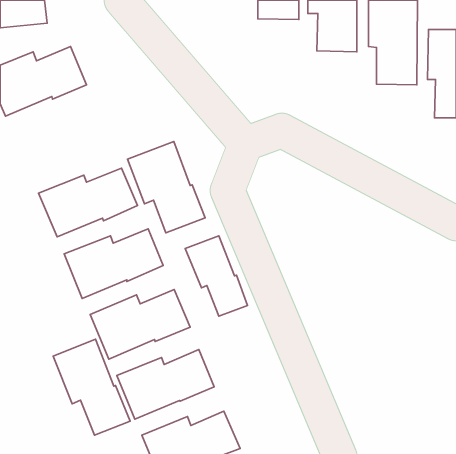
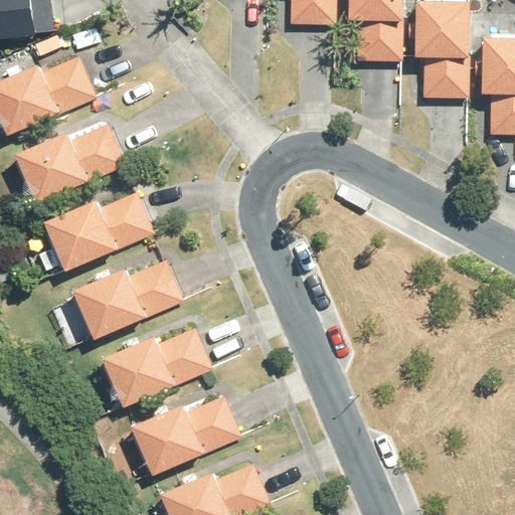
building: none -> [14,125,127,203]
building: [127,141,205,233] -> none
building: [185,236,248,316] -> none
building: [53,339,130,435] -> none

